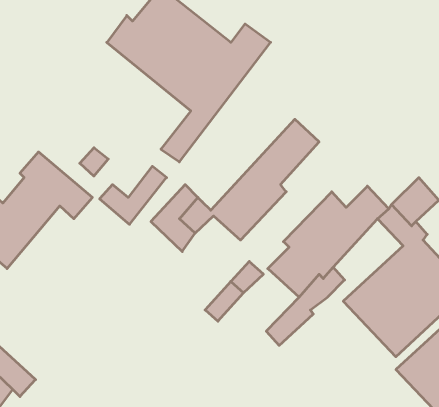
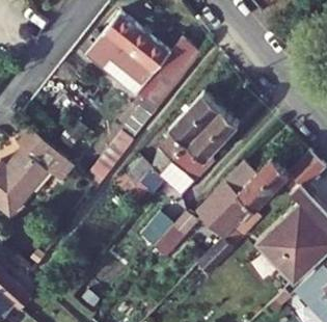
building: none -> [153,90,220,173]

